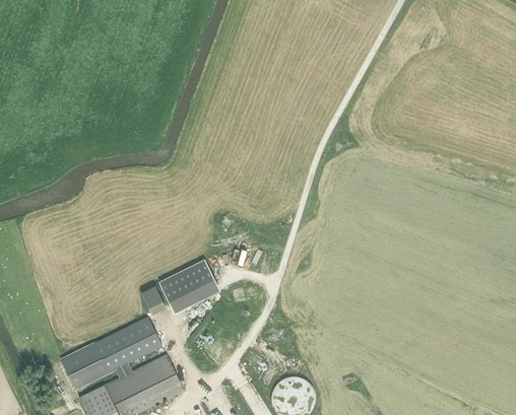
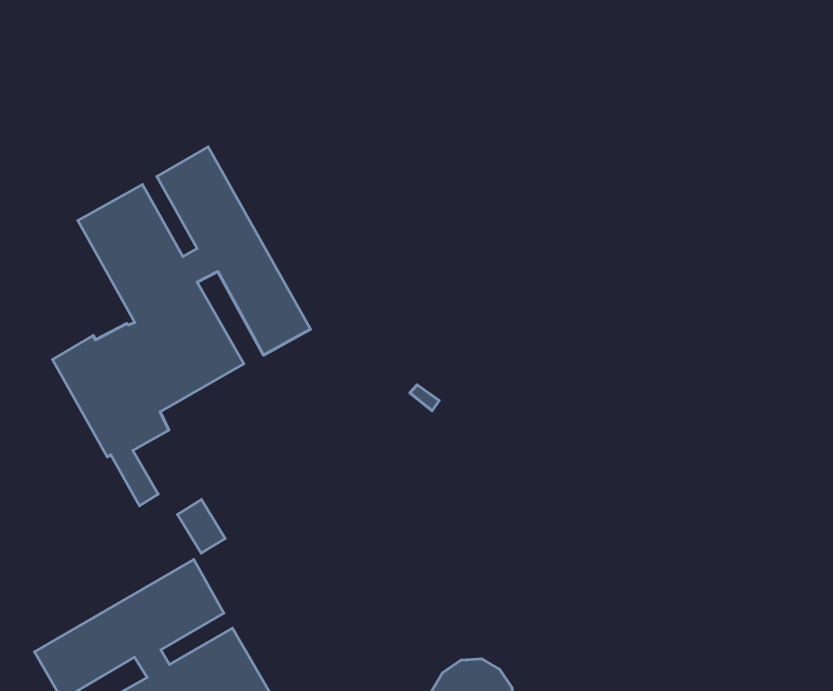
building: none -> [53,147,310,506]
building: [158,261,215,305] -> none

